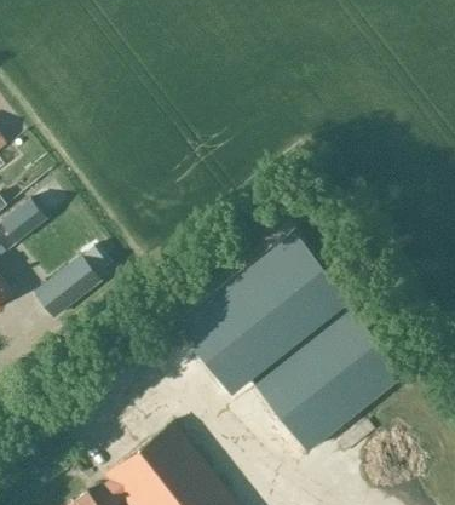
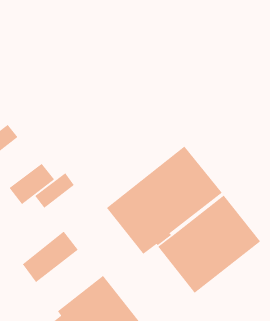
building: none -> [34,172,75,209]
building: none -> [22,231,79,283]

